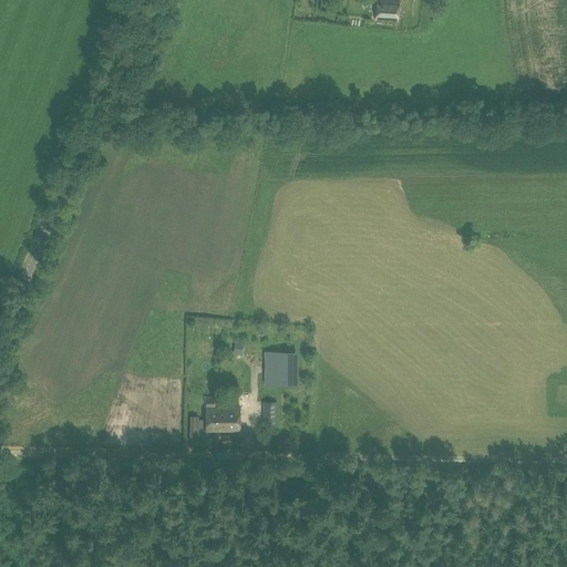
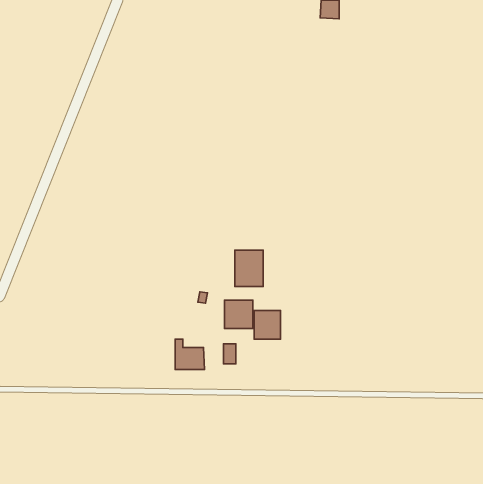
building: none -> [235,250,263,287]
building: none -> [254,310,281,339]

